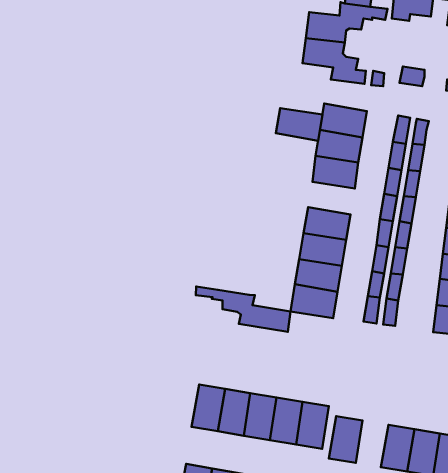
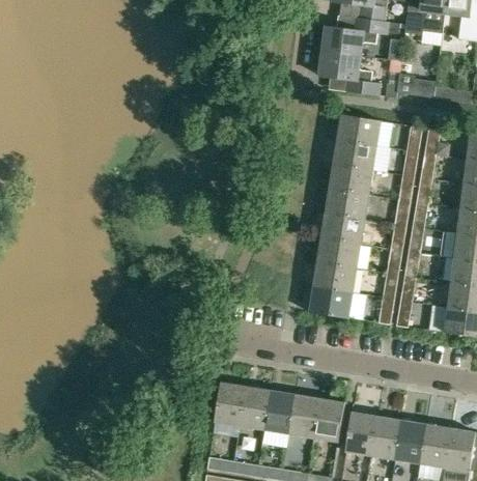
building: [276,108,322,141] -> [325,189,369,220]
building: [196,286,291,332] -> none
building: none -> [370,416,401,460]

